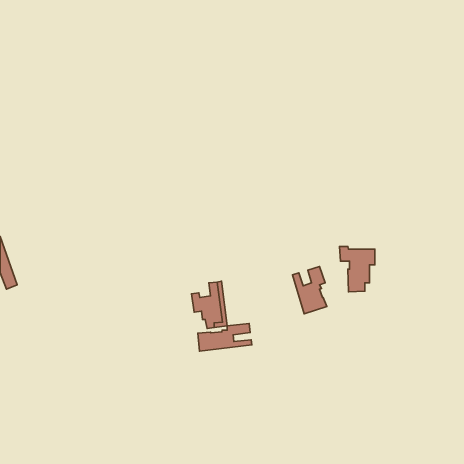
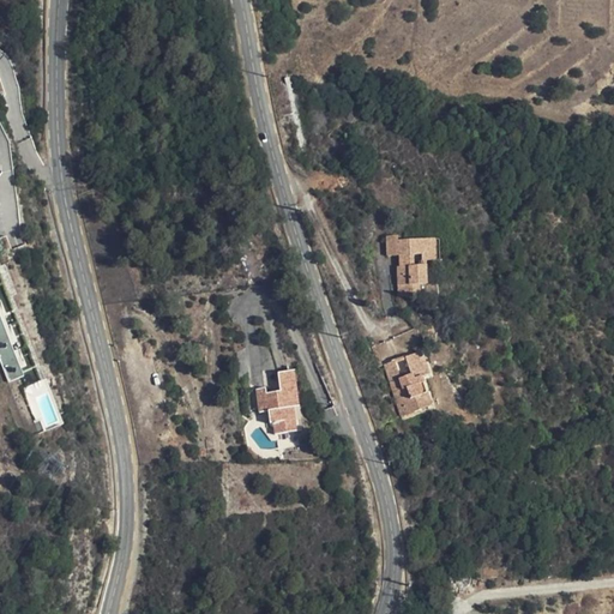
building: [340,246,375,292] -> [387,235,434,295]
building: [198,323,252,351] -> none

